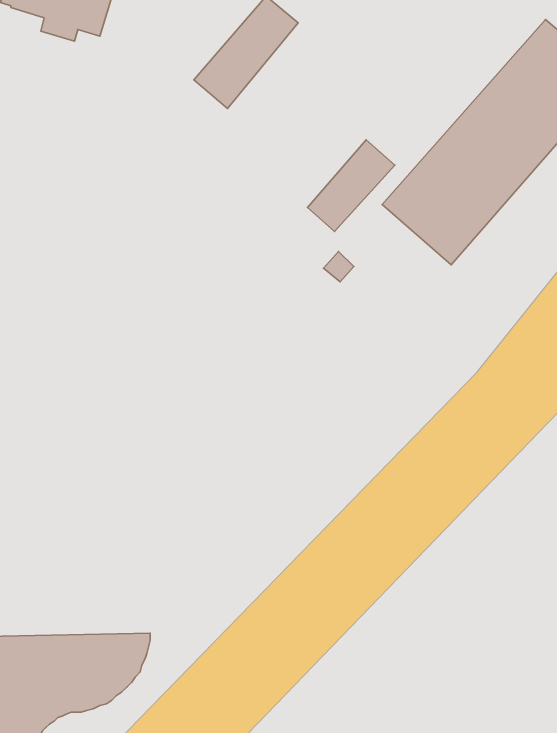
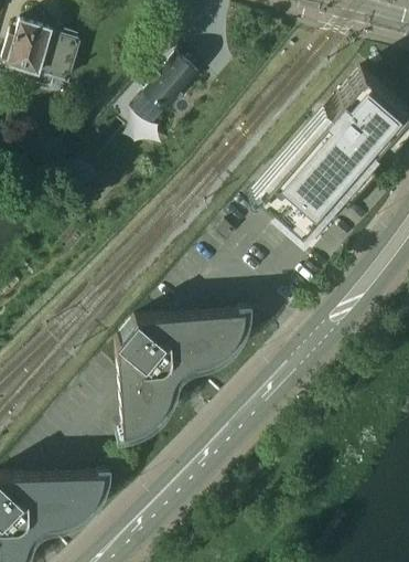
building: [307,140,395,231] -> none
building: none -> [118,310,246,434]

